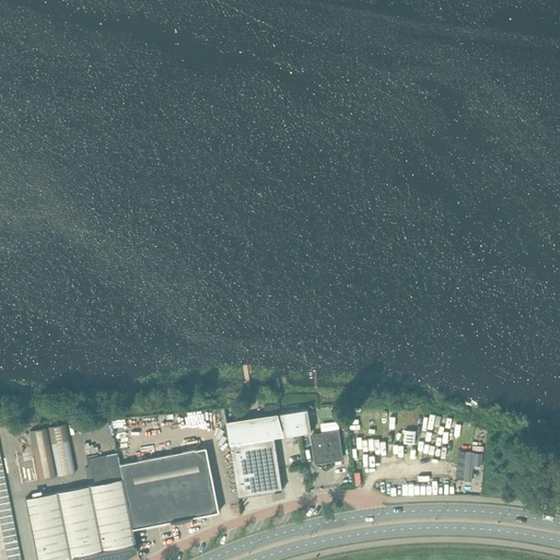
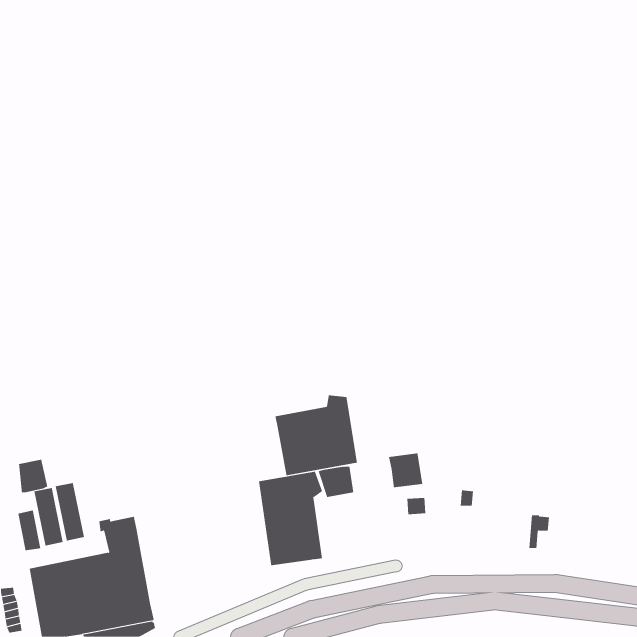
building: none -> [275,394,358,476]
building: none -> [19,459,48,493]
building: [311,432,341,463] -> [388,453,423,488]
building: [120,447,219,529] -> none

